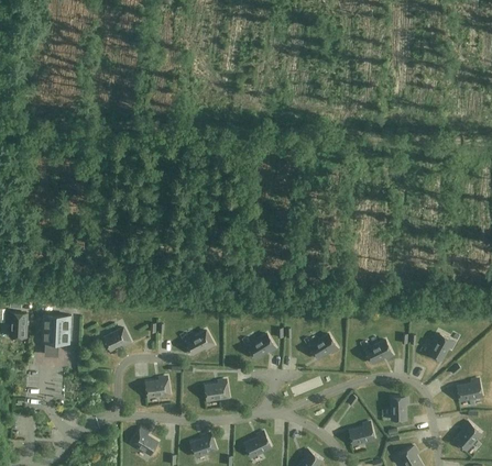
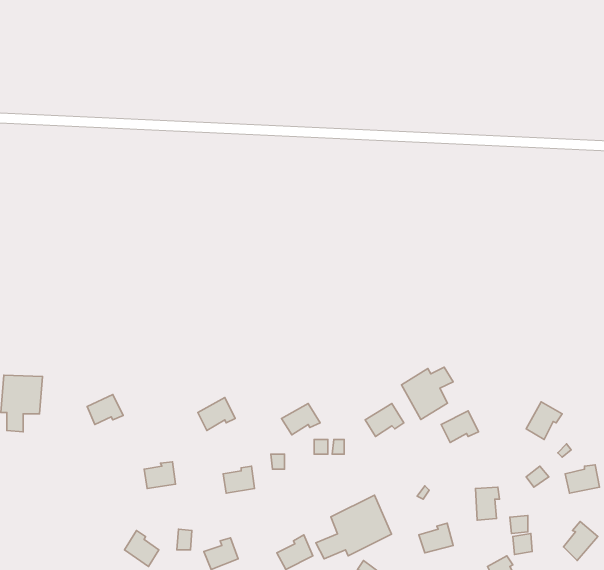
building: none -> [401,367,453,419]
building: none -> [316,495,391,559]

